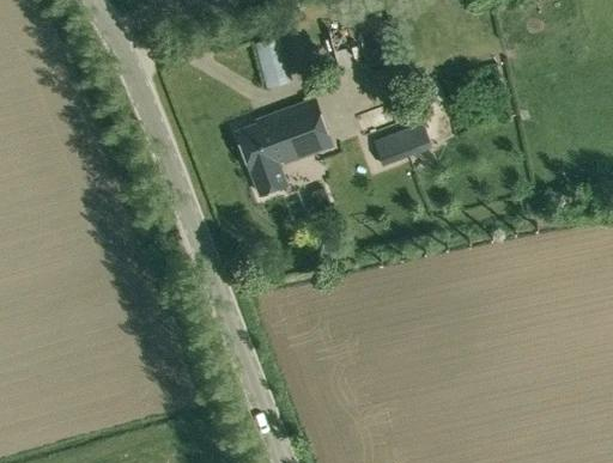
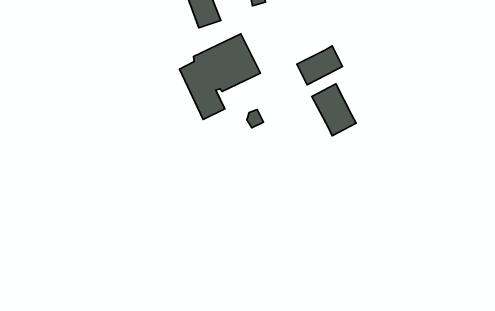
building: none -> [312,84,356,136]

